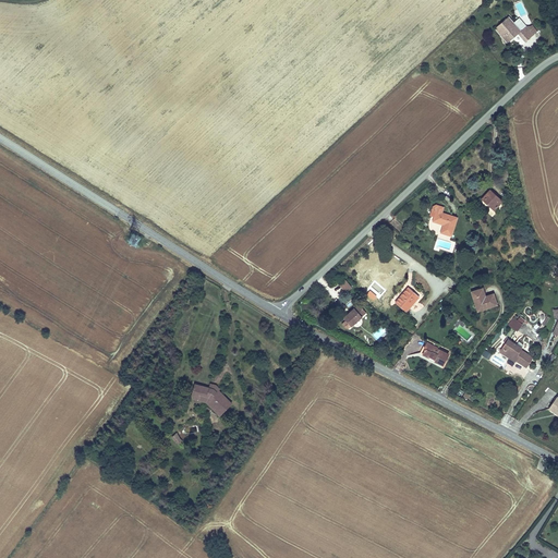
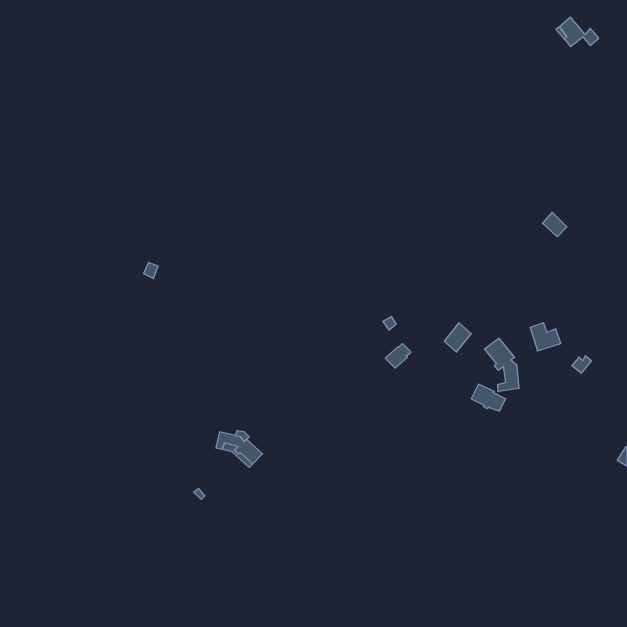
building: [432,205,458,236] -> none
building: none -> [485,338,519,392]
building: [498,339,532,366] -> none

